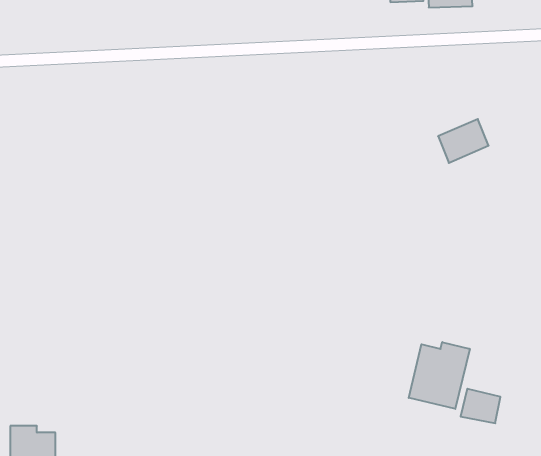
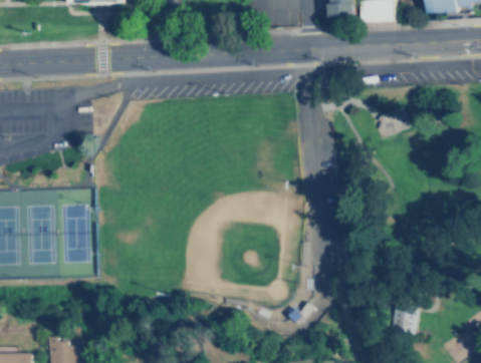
building: [409,342,470,409] -> none

